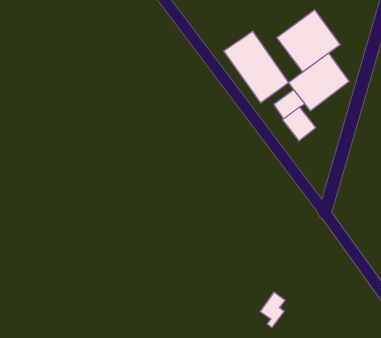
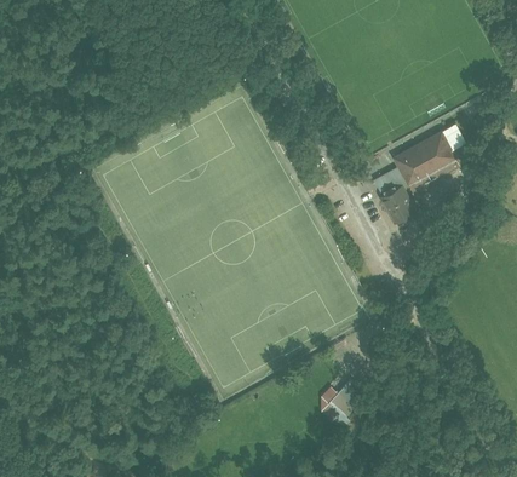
building: [277,10,340,72] -> none
building: [224,31,289,103] -> none

